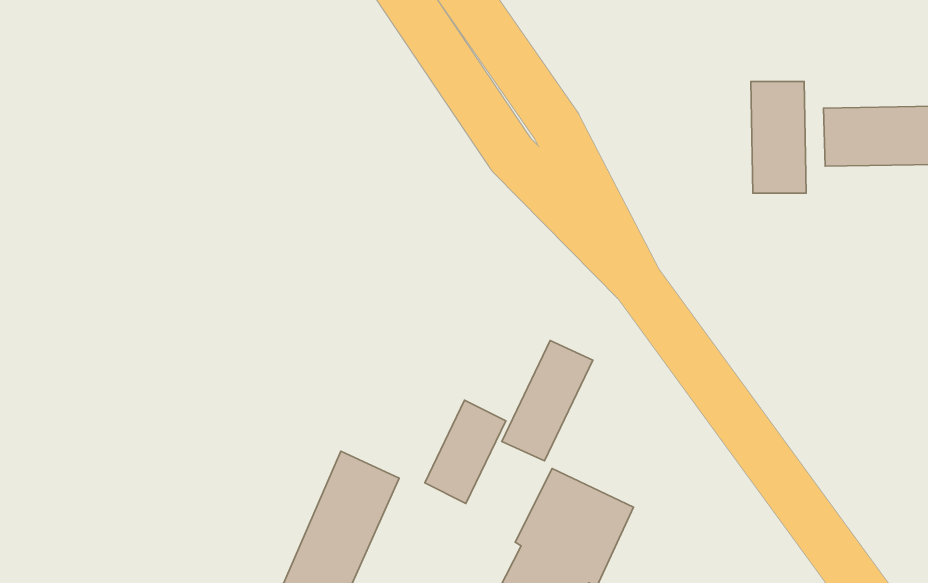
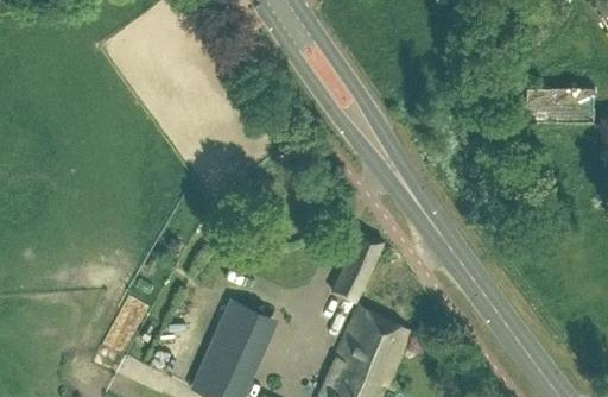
building: [751,81,806,193] -> none
building: [425,400,506,504] -> none

